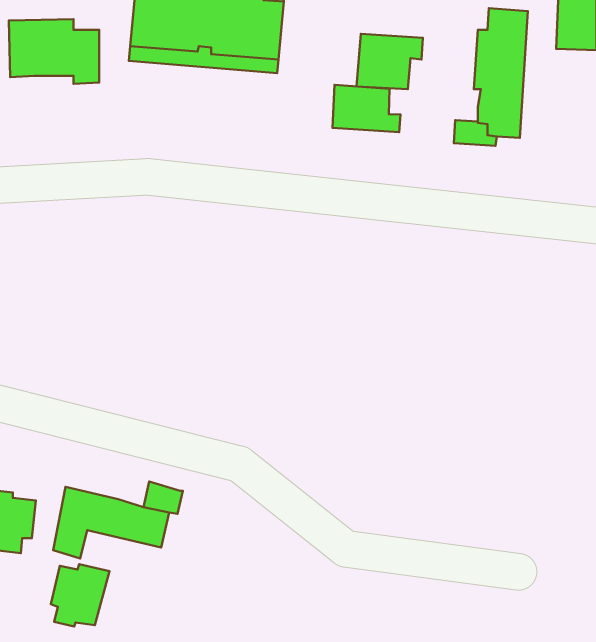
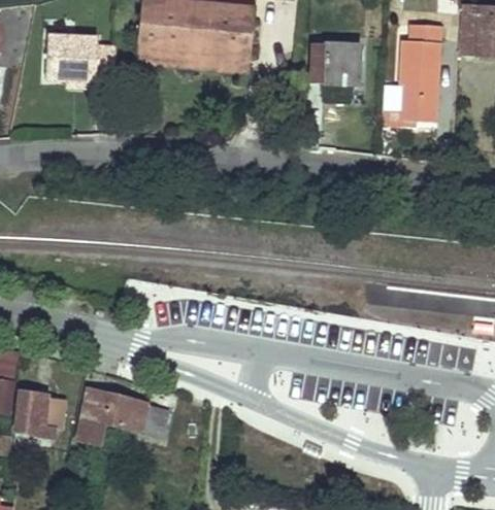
building: [332,85,400,132] -> none
building: [51,564,110,626] -> none

